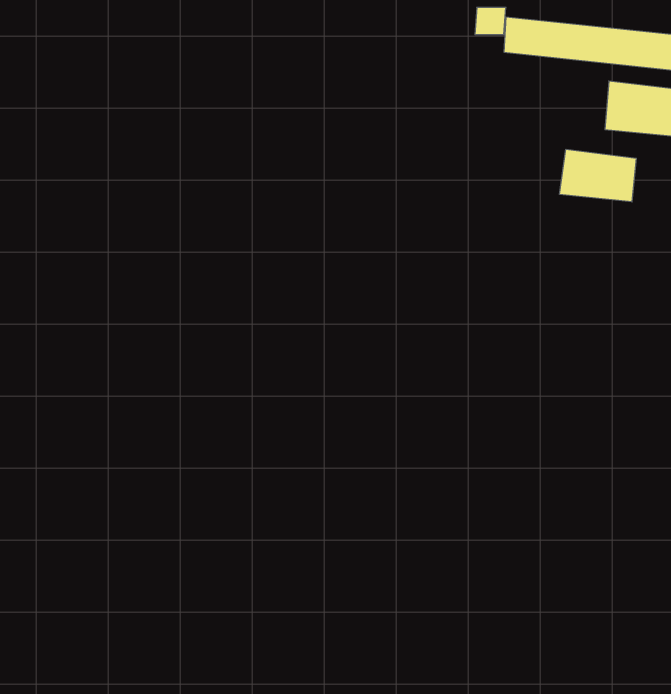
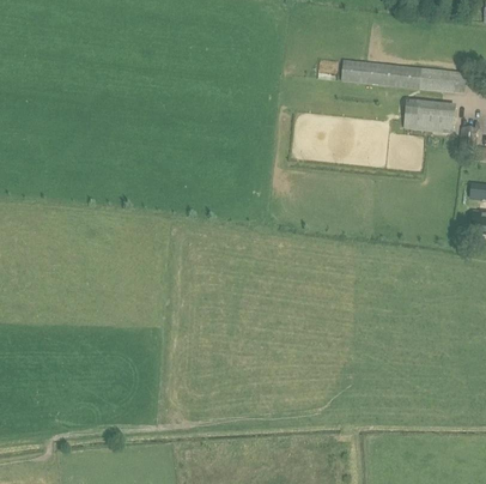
building: [560,149,636,202] -> none

